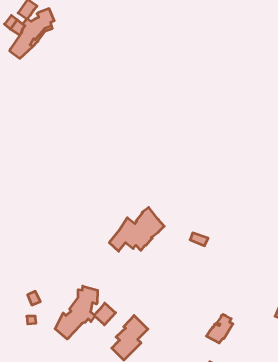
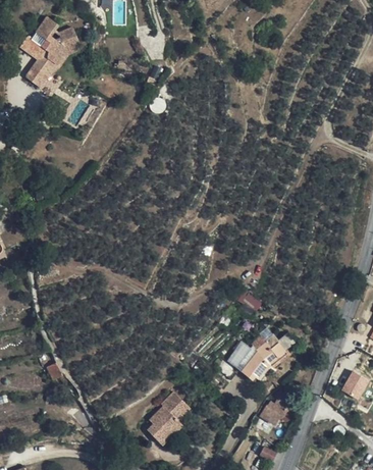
building: [109,207,164,251] -> [219,327,284,379]
building: [55,286,116,339] -> none

